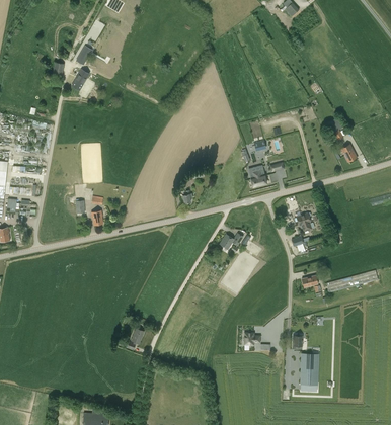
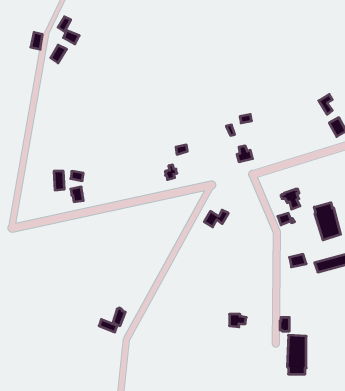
building: none -> [314,203,341,240]

